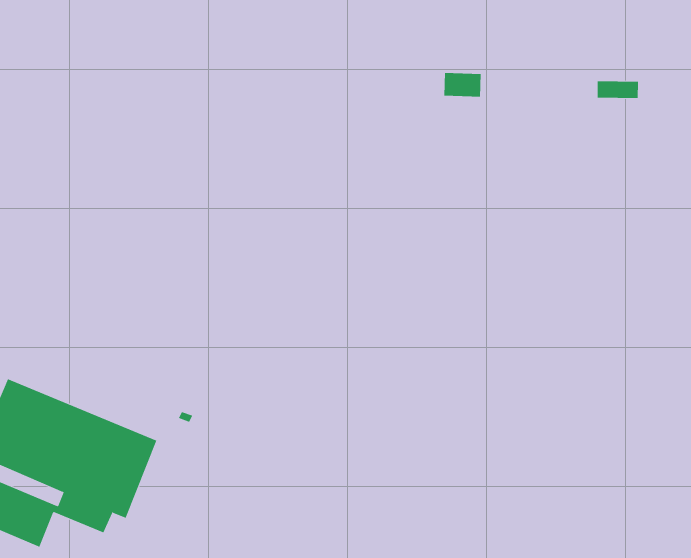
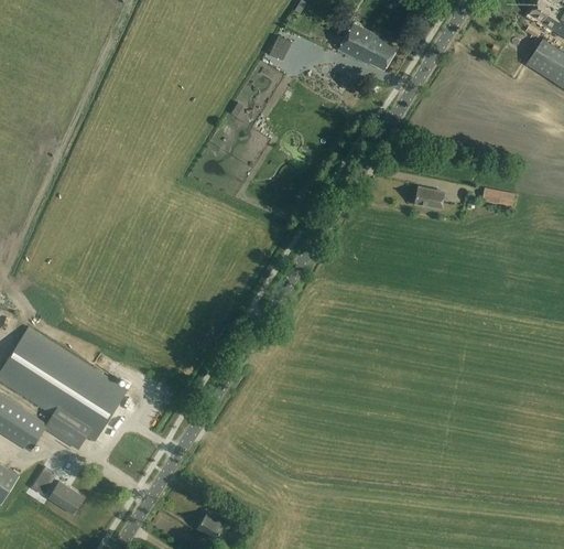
building: [444,73,481,97] -> [414,186,444,208]

